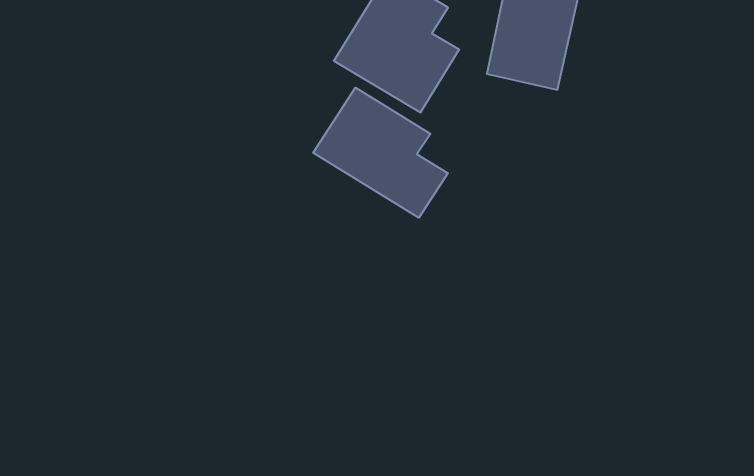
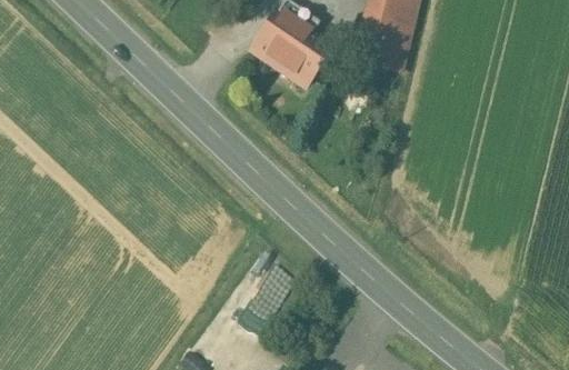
building: [313,88,448,218] -> none

